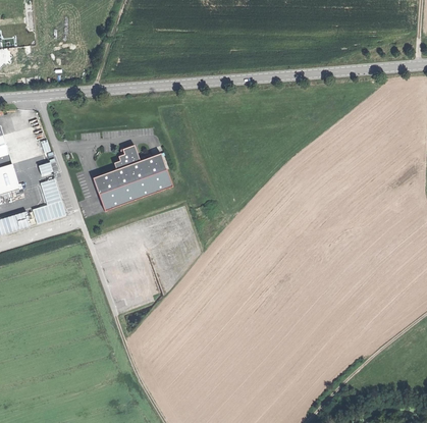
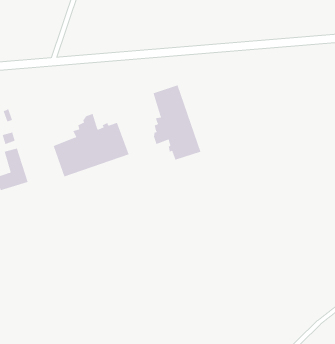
building: none -> [153,84,201,161]

